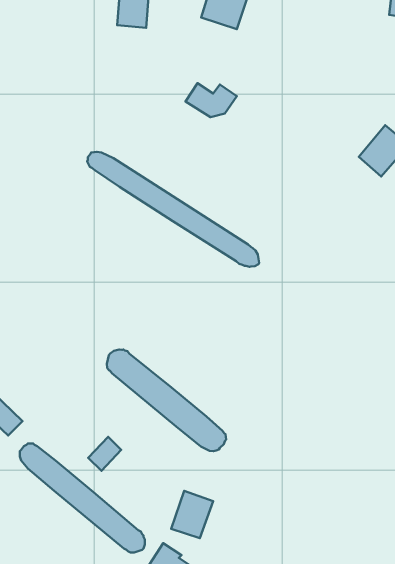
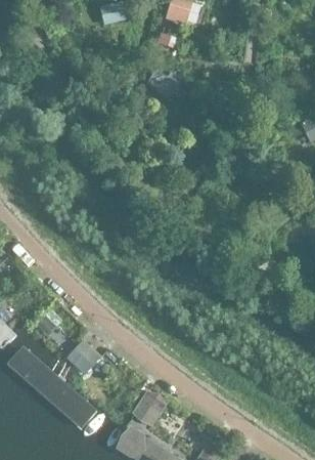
building: [87,152,259,267] -> none
building: [107,349,226,451] -> none

